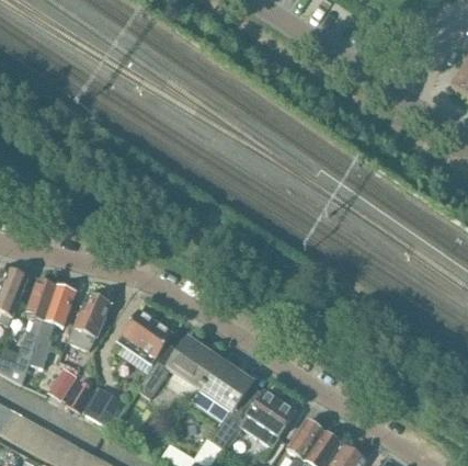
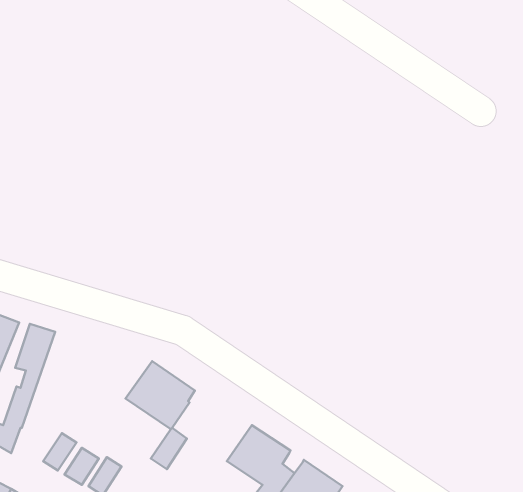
building: [31,285,76,368] -> none
building: [68,293,112,350] -> none
building: [165,338,220,391] -> none

